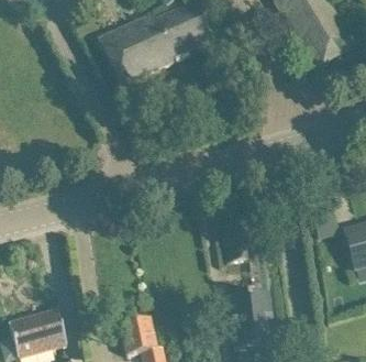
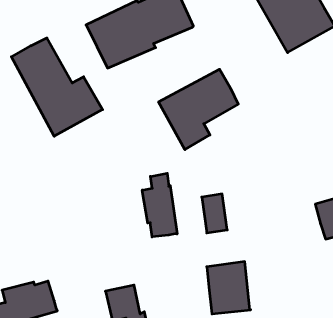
building: none -> [11,38,103,136]
building: none -> [159,69,238,150]
building: none -> [142,173,177,237]

